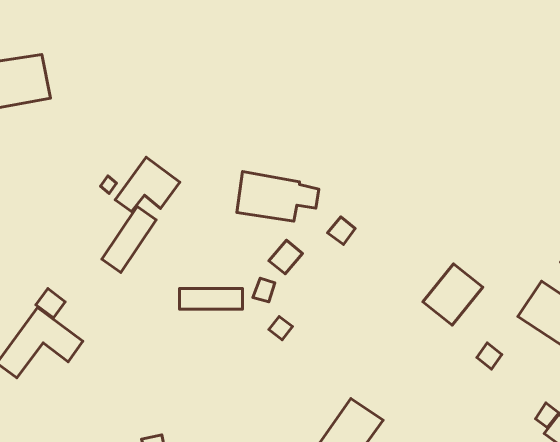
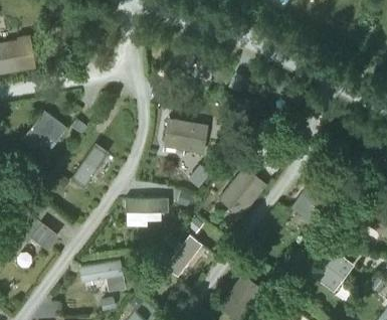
building: [115,157,180,211] -> [22,112,66,149]
building: none -> [219,169,265,217]
building: none -> [163,236,201,279]
building: none -> [312,254,351,295]
building: none -> [76,261,124,293]

